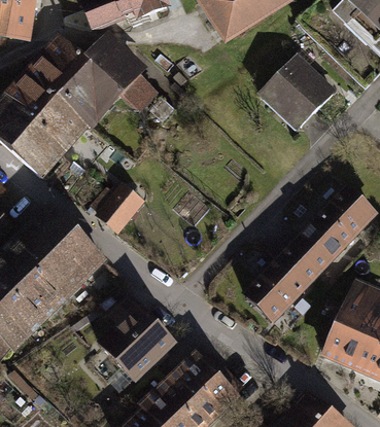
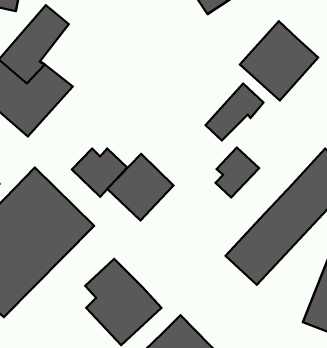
building: [53,41,152,121] -> none
building: none -> [205,84,264,141]
building: none -> [215,147,259,198]
building: none -> [107,154,173,221]

